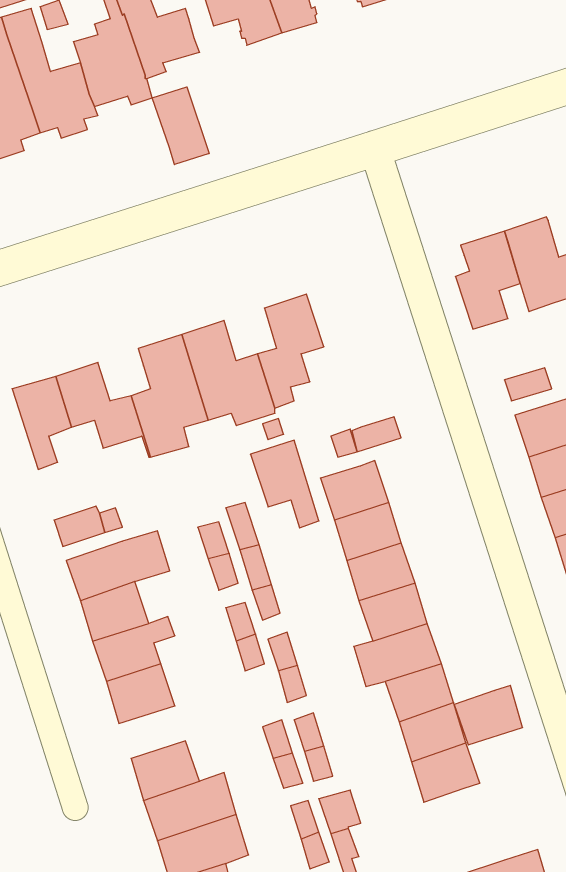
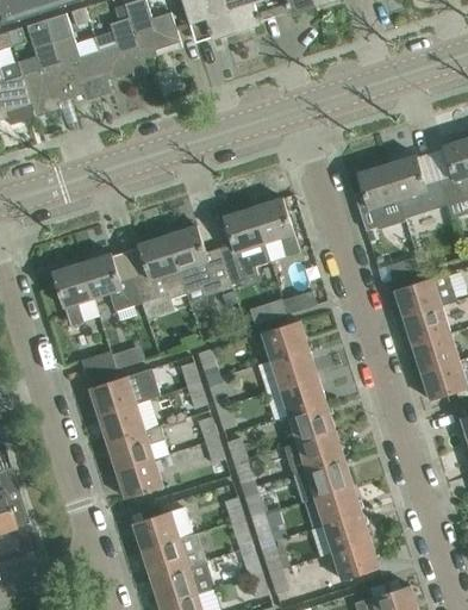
building: [152,87,209,165] -> none
building: [250,440,319,528] -> [252,198,299,257]
building: [454,685,523,745] -> [332,540,379,580]

